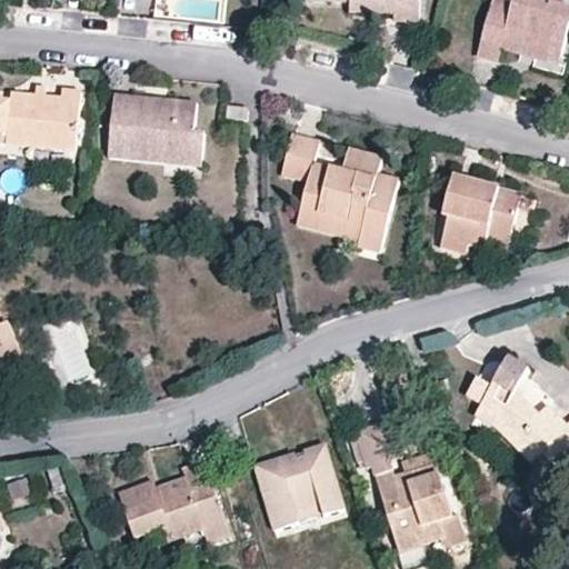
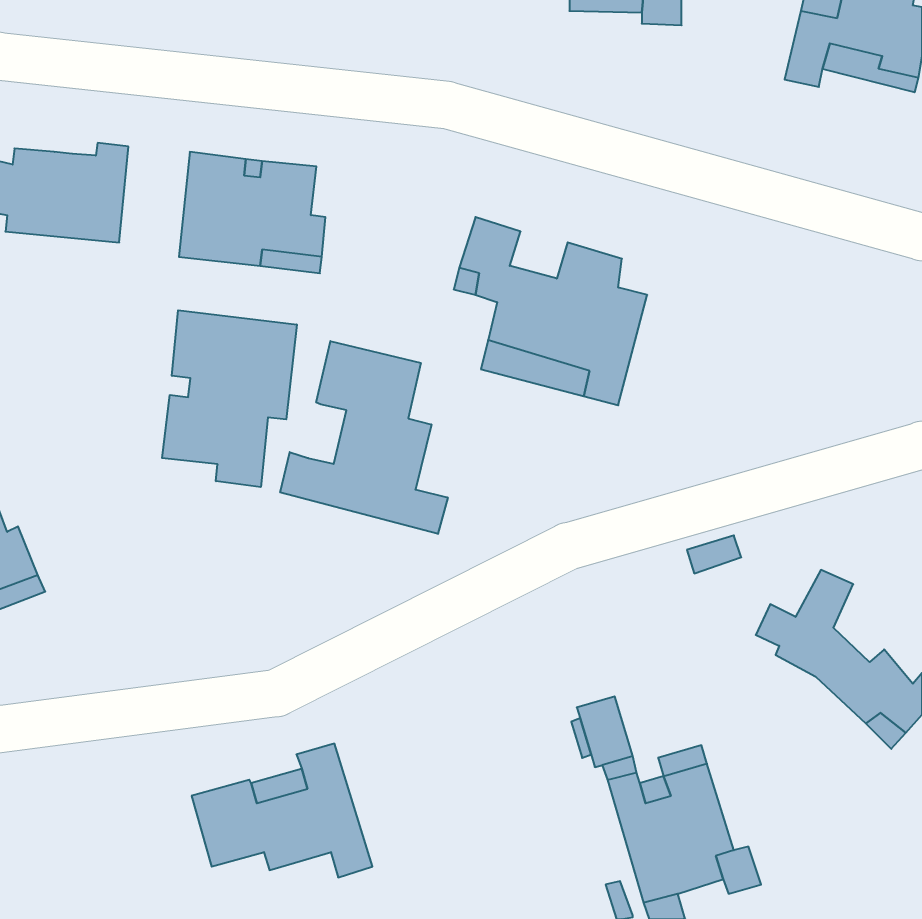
building: [442,174,522,252] -> none
building: none -> [162,310,297,487]
building: none -> [280,341,448,534]
building: [251,439,345,528] -> none

